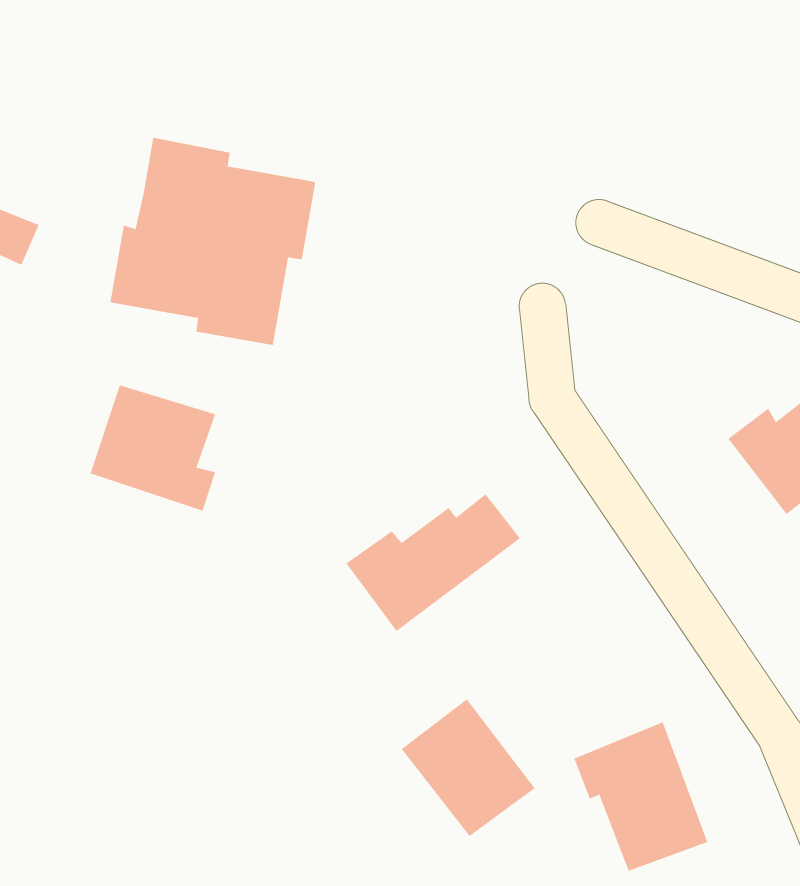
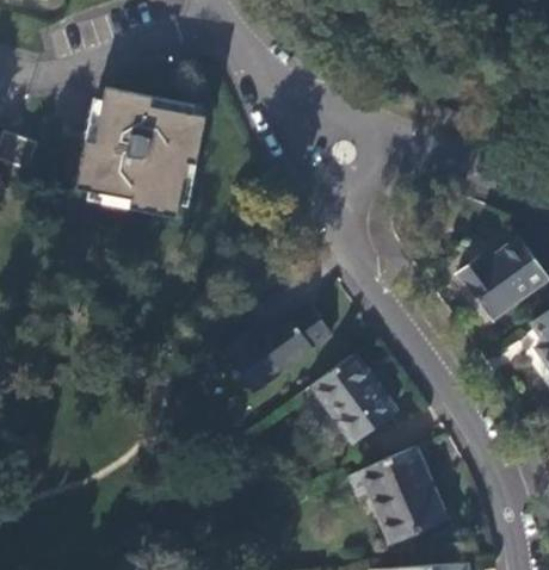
building: [90,385,216,512] -> none
building: [401,699,535,837] -> [311,355,394,440]

